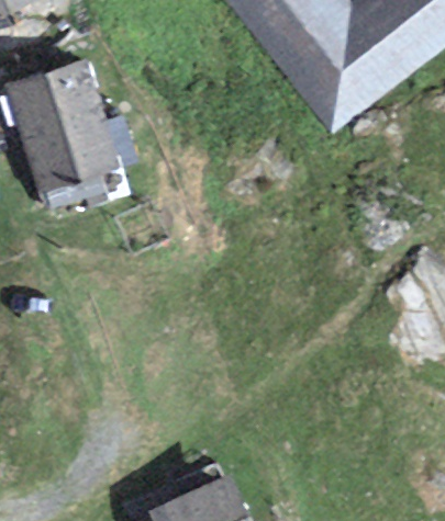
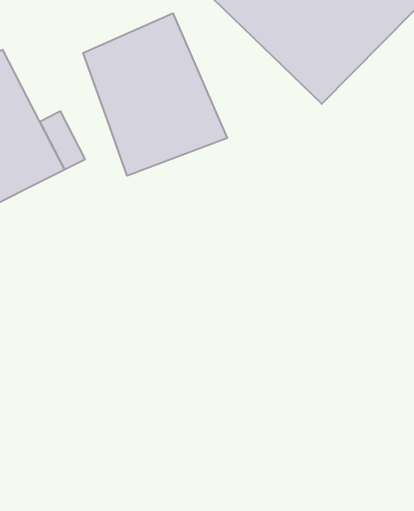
building: none -> [83,13,227,176]

